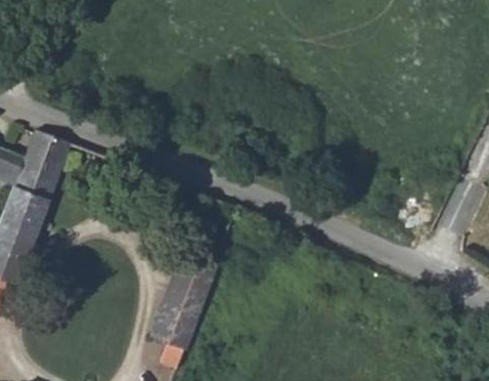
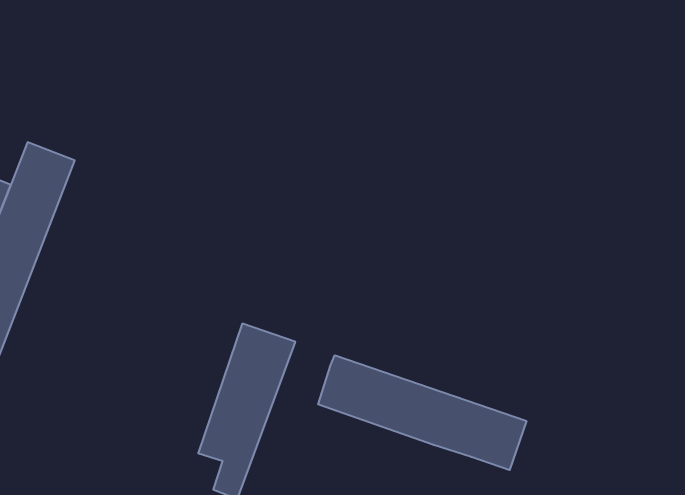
building: none -> [318,355,526,470]

